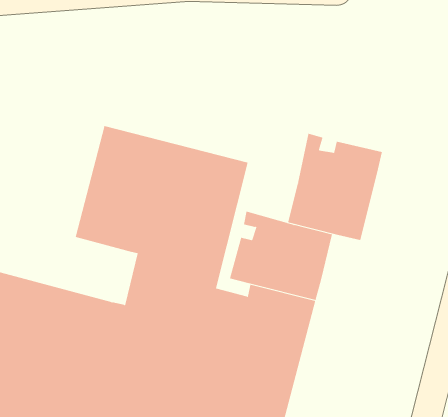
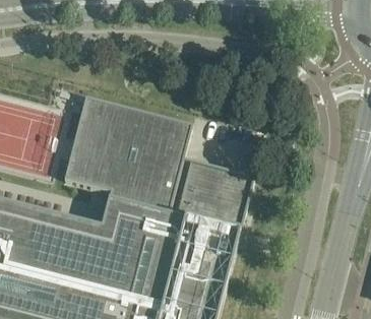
building: [288,133,383,241] -> none

